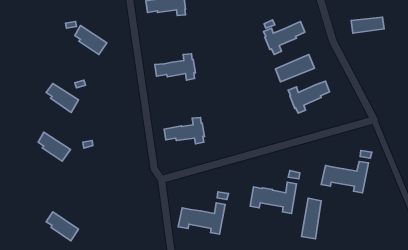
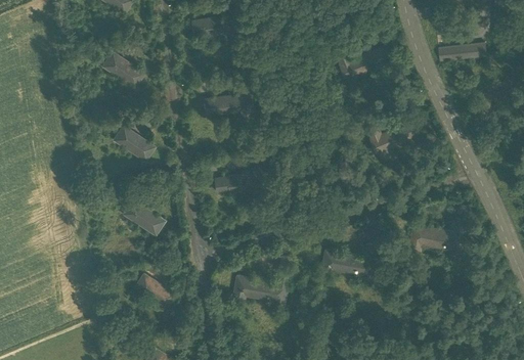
building: [276,54,314,82] -> none
building: [46,83,78,112] -> [113,126,152,162]
building: [38,132,70,161] -> [124,199,164,235]
building: [302,198,321,239] -> none
building: [46,212,78,241] -> [134,274,174,310]

